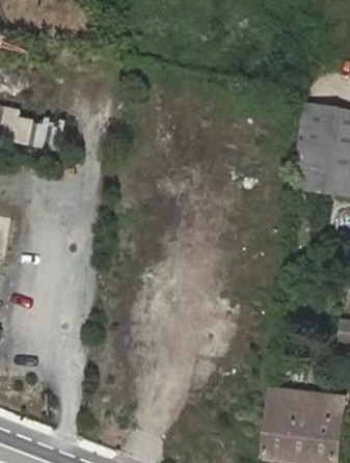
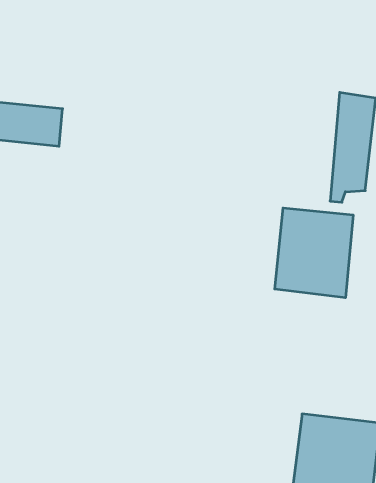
building: none -> [275,208,353,298]

